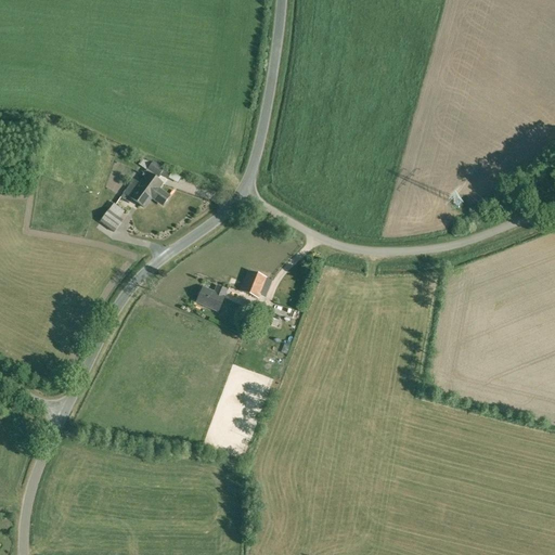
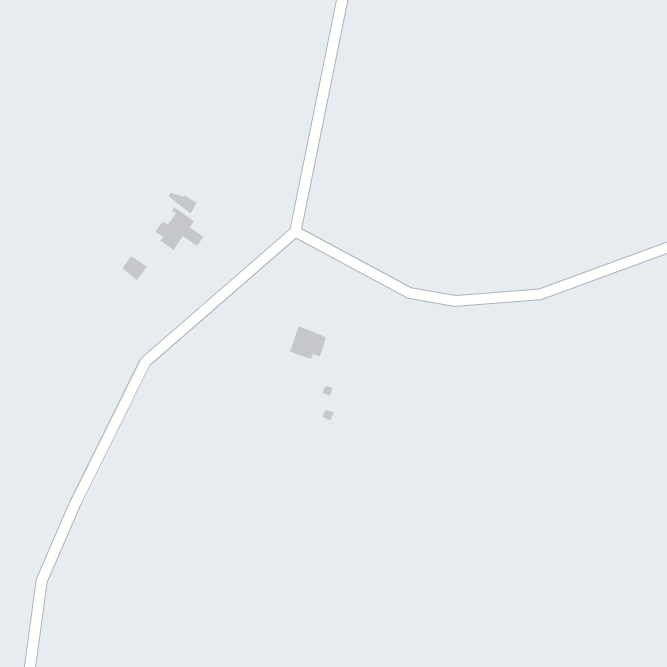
building: [196,287,228,311] -> none

